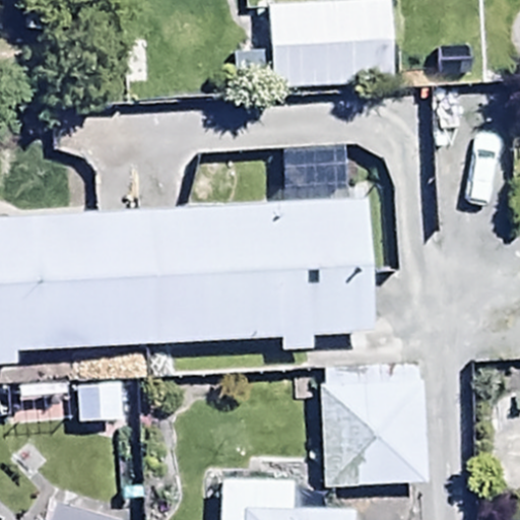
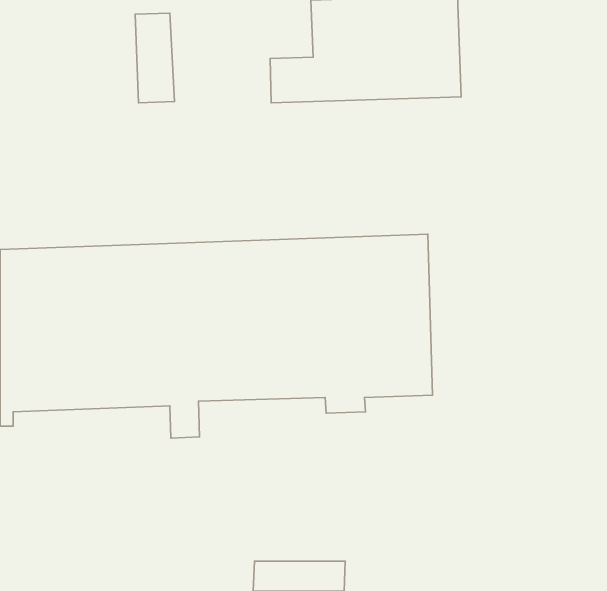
building: [321,365,429,490] -> none

